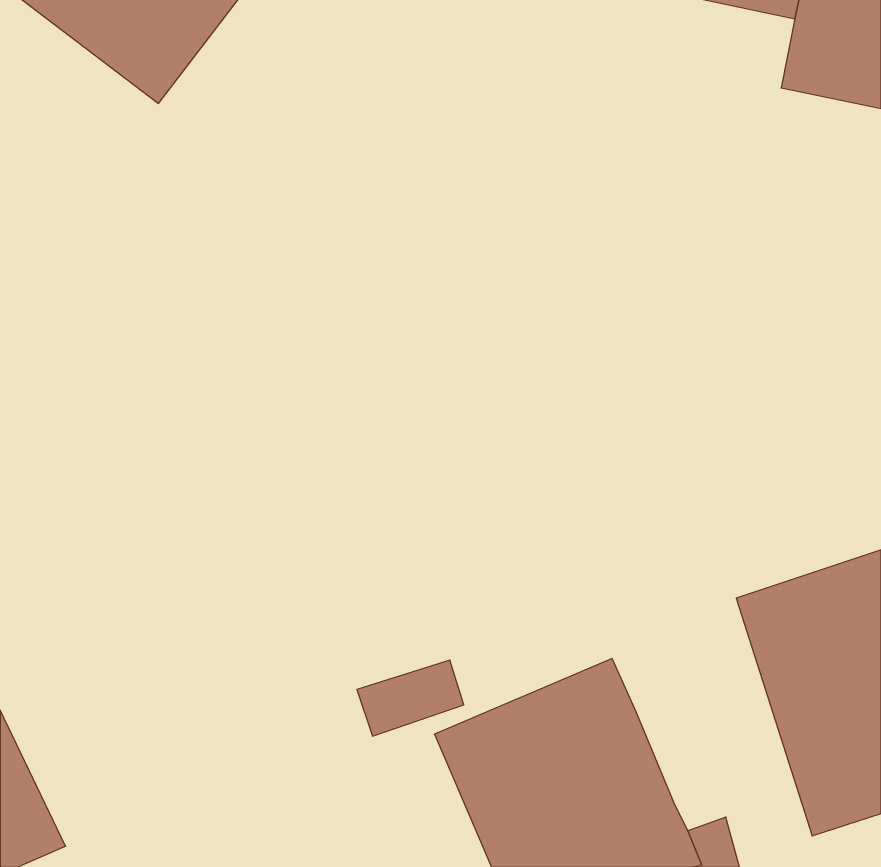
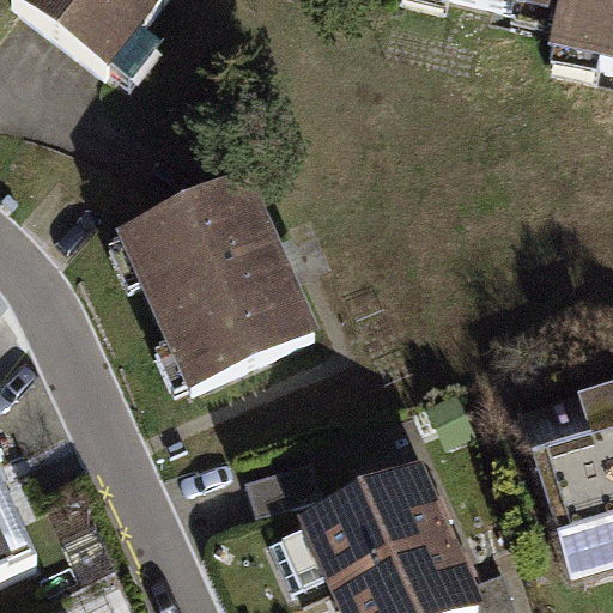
building: none -> [120,170,322,392]

